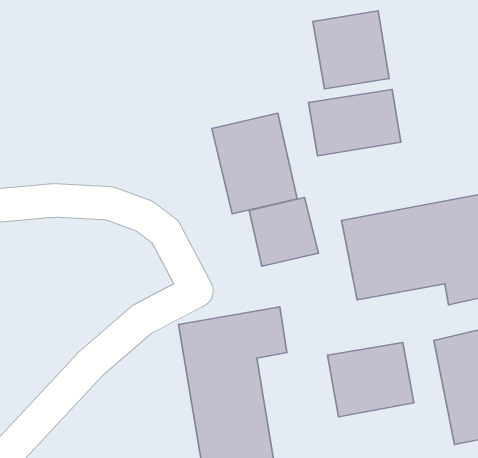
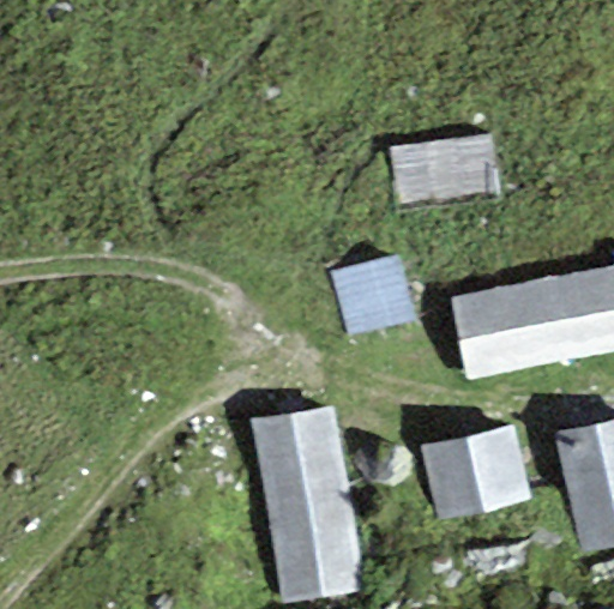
building: [313,11,389,89] -> none
building: [212,113,297,214] -> none

